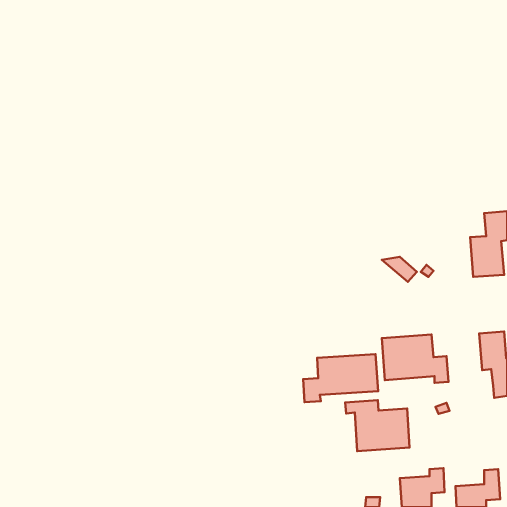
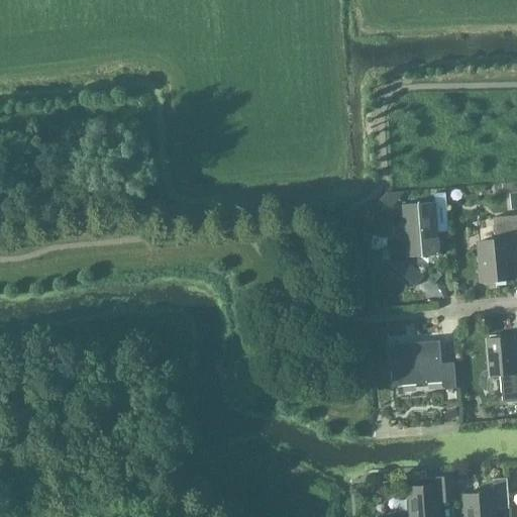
building: none -> [400,191,448,257]
building: [303,354,378,402] -> none
building: [345,400,409,451] -> none

